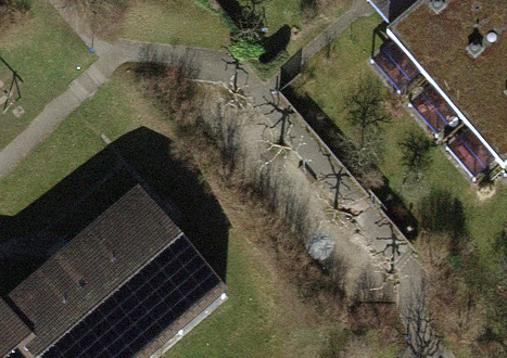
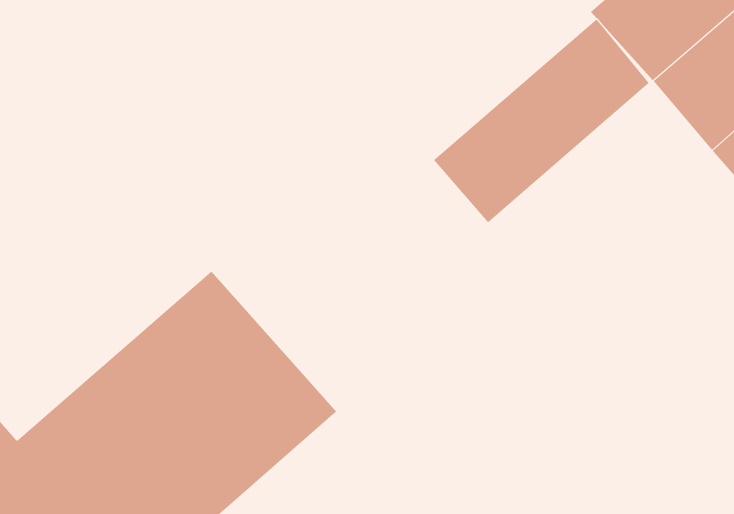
building: none -> [433,19,649,223]

